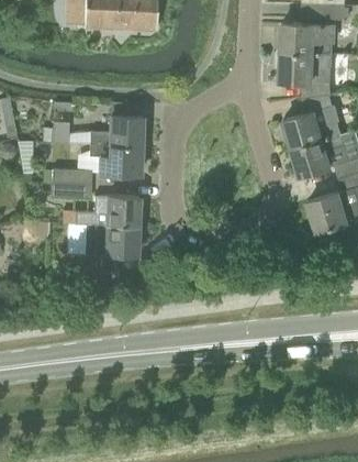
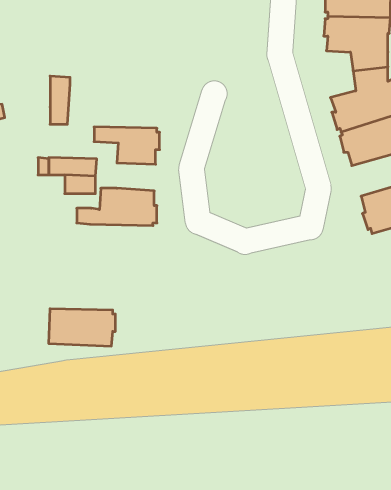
building: [89,117,144,146] -> none
building: [85,226,139,256] -> [49,309,115,346]

